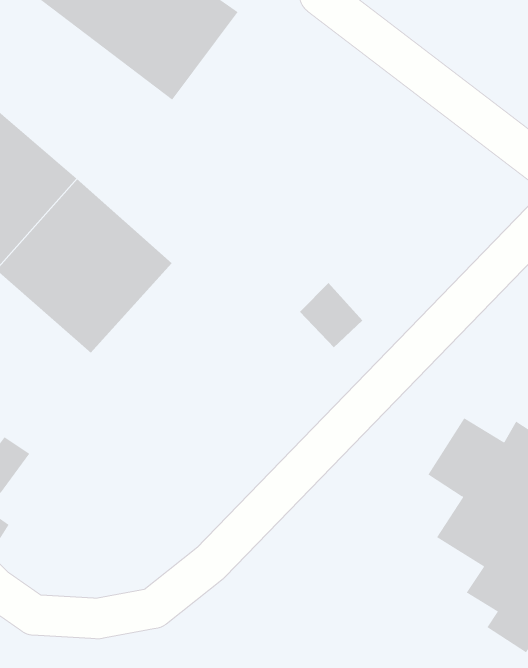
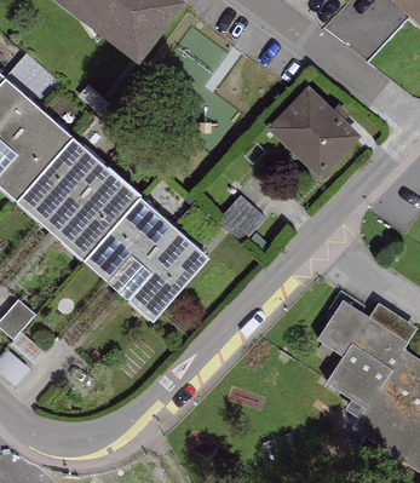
building: none -> [266,82,361,177]
building: none -> [81,191,209,317]

